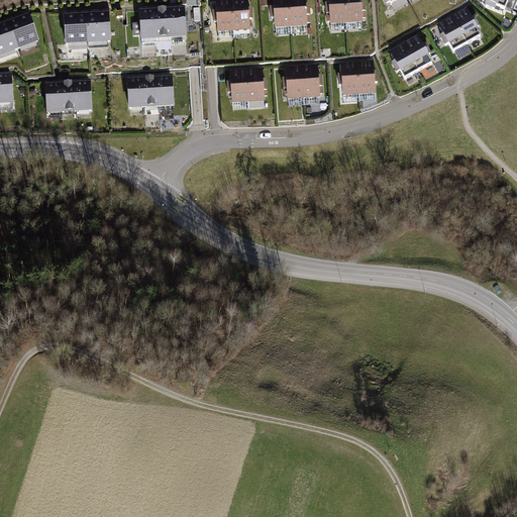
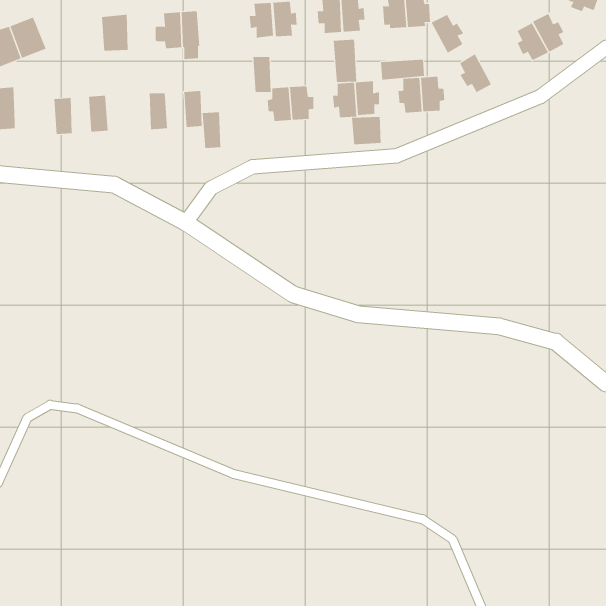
building: [168,9,184,39] -> [252,57,271,92]
building: [64,14,88,44] -> none
building: none -> [333,39,357,83]
building: [403,38,431,72] -> [431,14,464,54]
building: none -> [381,59,425,81]
building: [140,78,157,109] -> [202,112,221,149]
building: [61,82,77,113] -> none
building: none -> [351,116,381,145]

